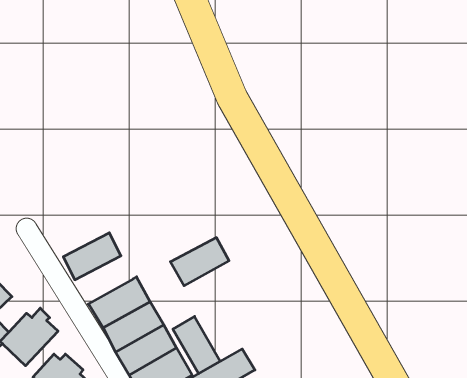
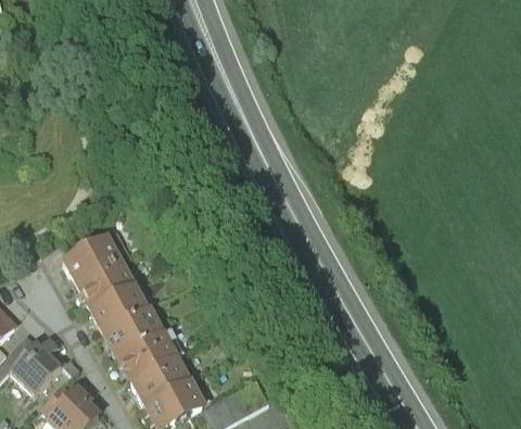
building: none -> [61,232,122,281]
building: [170,238,229,286] -> [86,280,147,330]
building: [173,316,220,374] -> none

